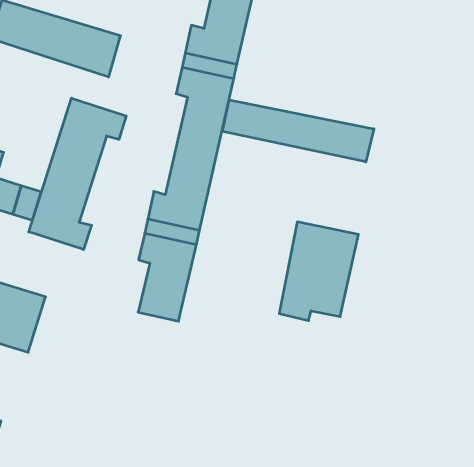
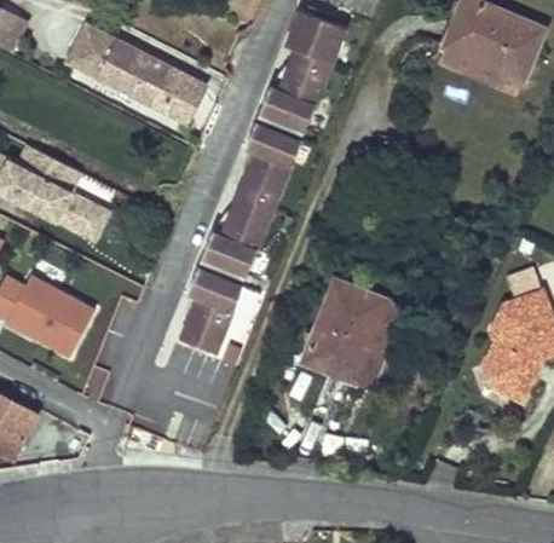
building: [29,98,126,250] -> none
building: [223,100,374,162] -> none
building: none -> [329,300,402,387]

